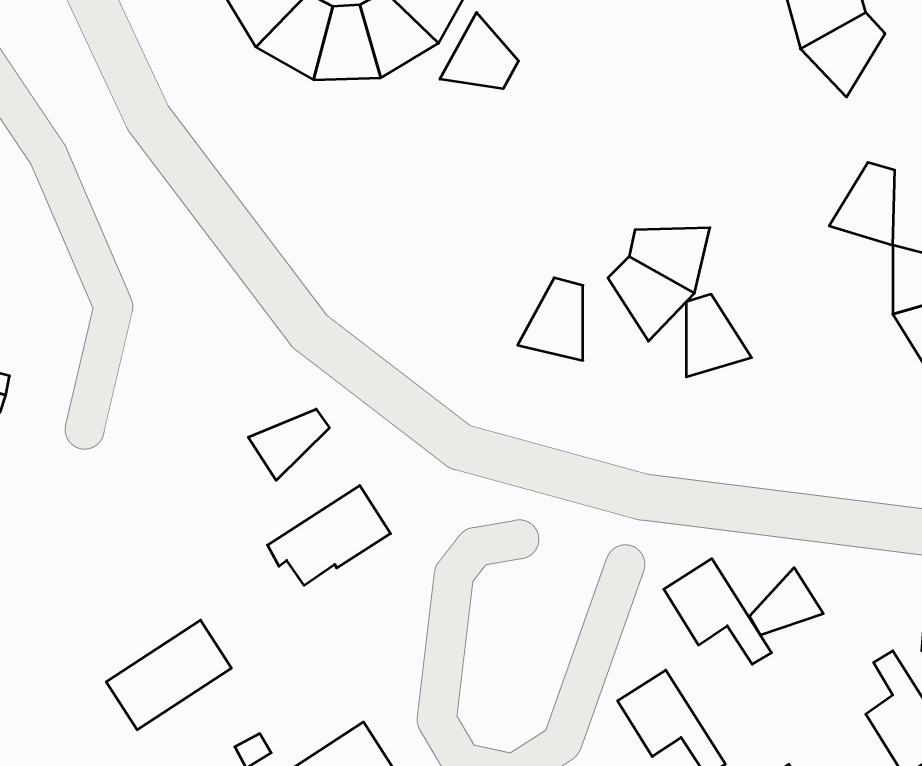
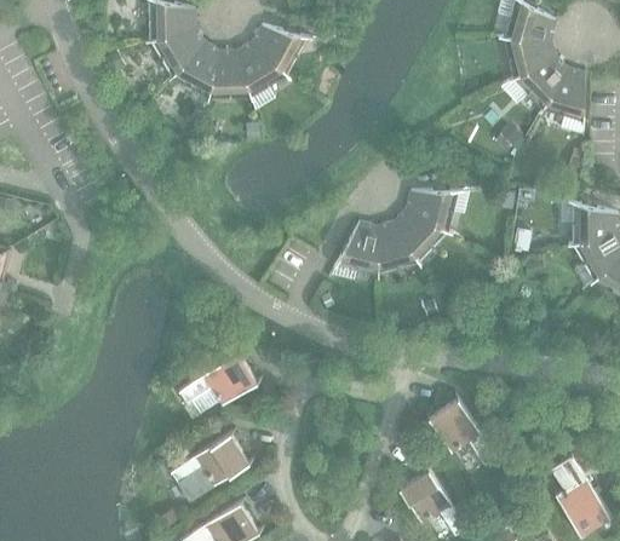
building: [440,12,519,89] -> none
building: [829,162,895,245] -> [542,68,584,120]
building: [686,294,752,377] -> [377,221,418,274]
building: [248,409,329,480] -> none
building: [750,568,823,635] -> none
building: [106,620,231,730] -> [170,432,248,501]

